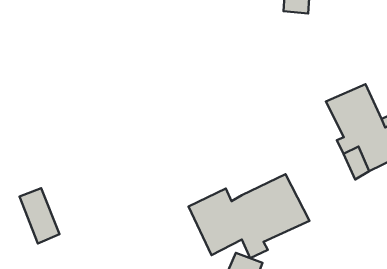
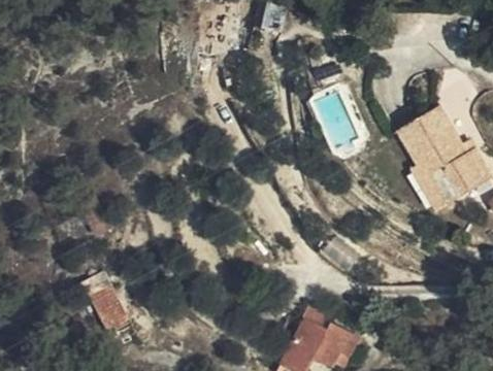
building: [189,174,310,258] -> none

